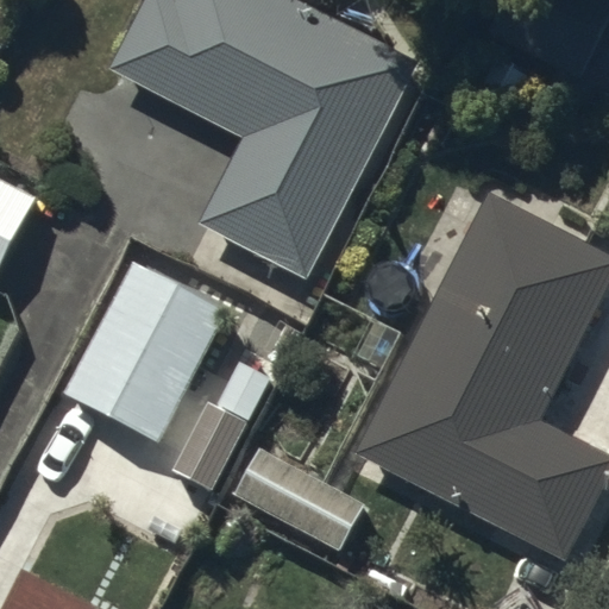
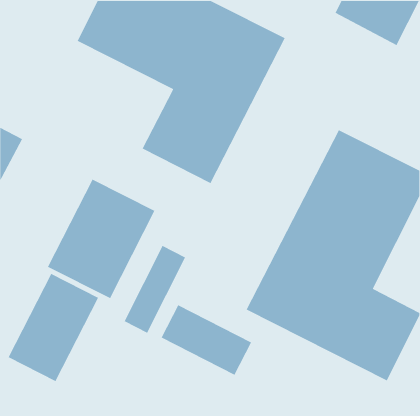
building: none -> [8,273,99,382]

